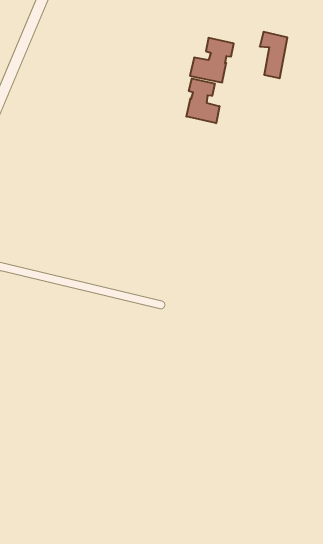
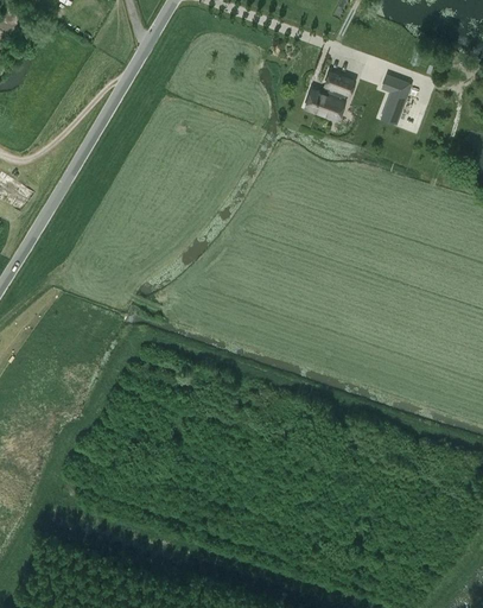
building: [186,79,219,123] -> none

